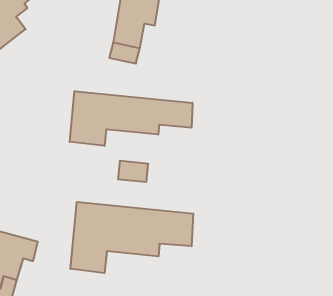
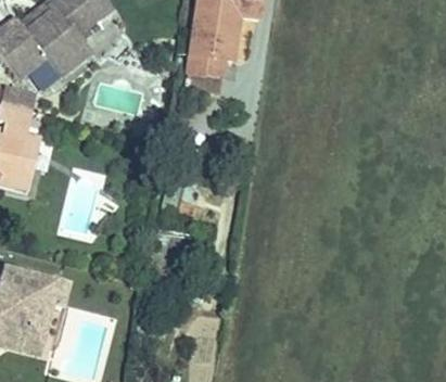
building: [70,91,192,146] -> none
building: [70,202,193,273] -> none

